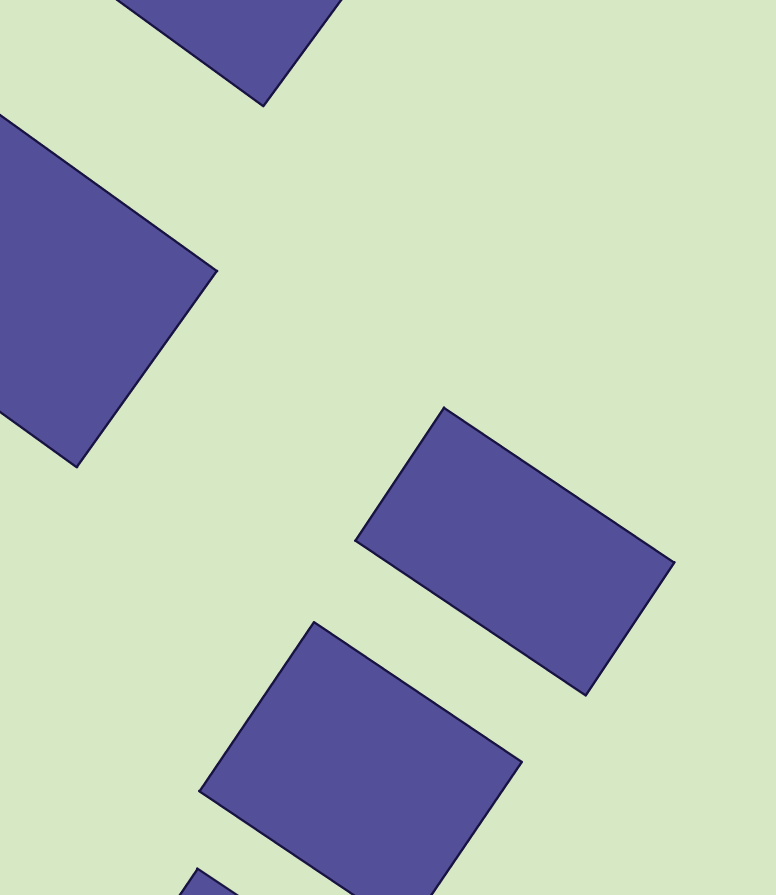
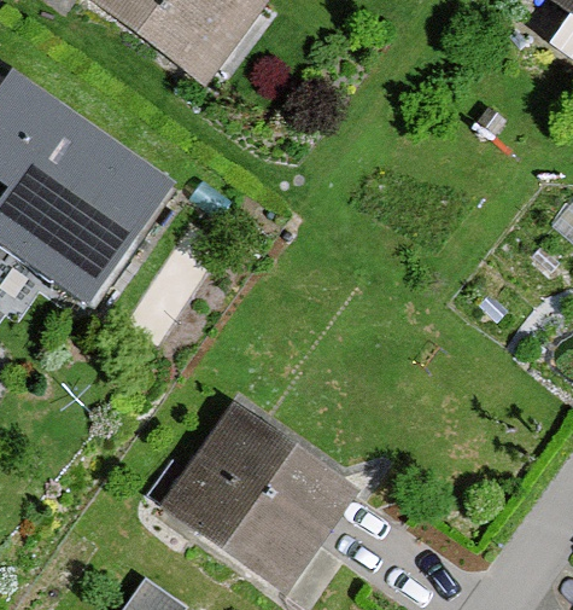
building: [355,408,674,695] -> none

